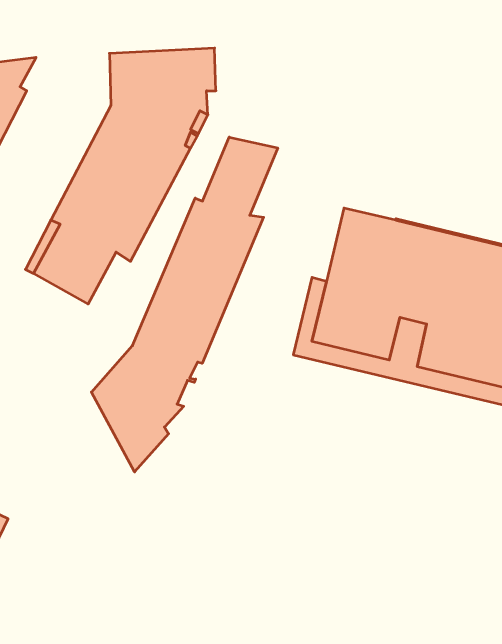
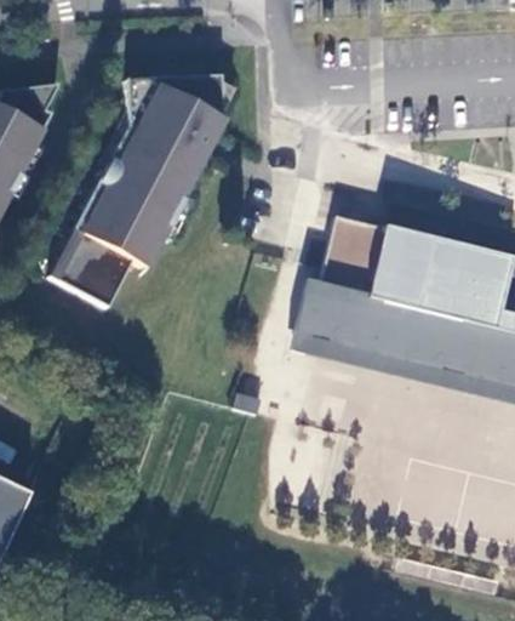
building: [91,137,278,472] -> none

